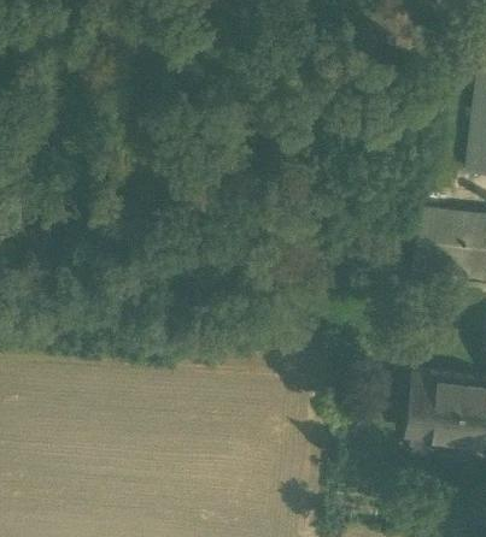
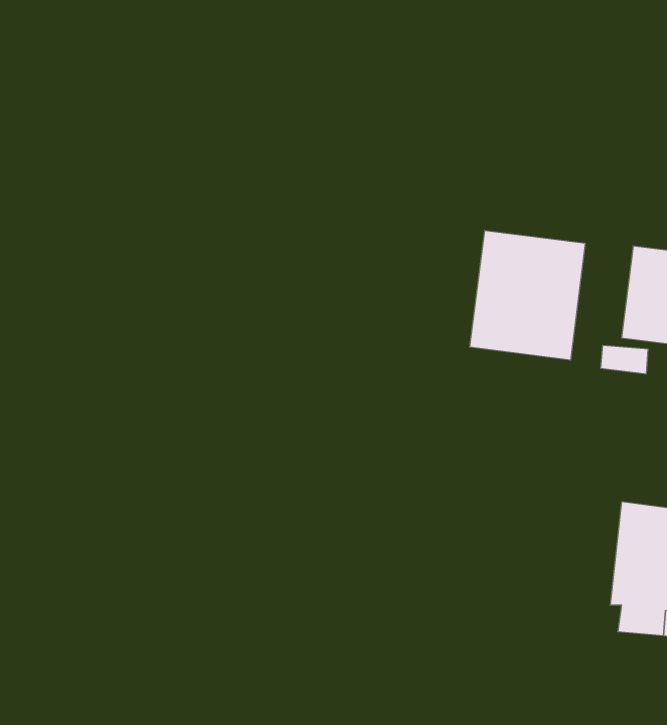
building: none -> [470,230,585,360]

